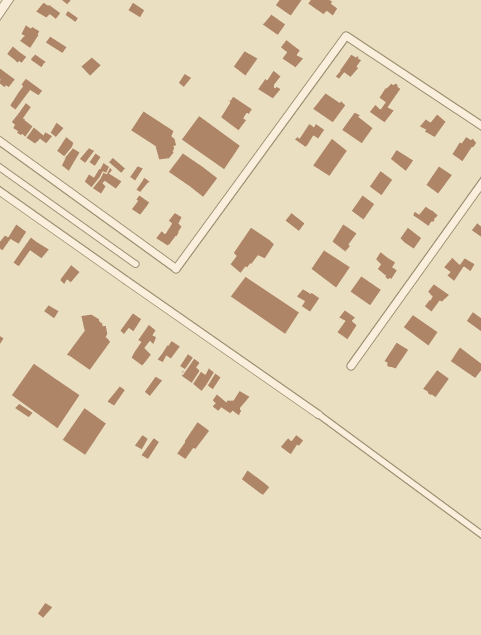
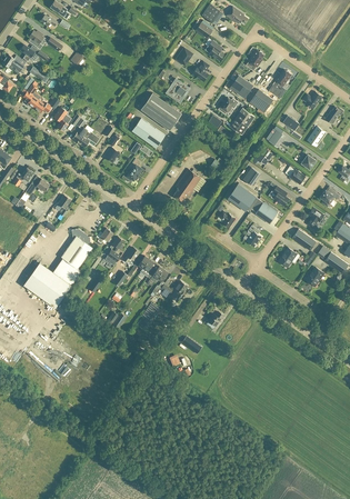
building: [130,110,177,160] -> none
building: [230,276,300,335] -> none
building: [62,407,107,456] -> none

